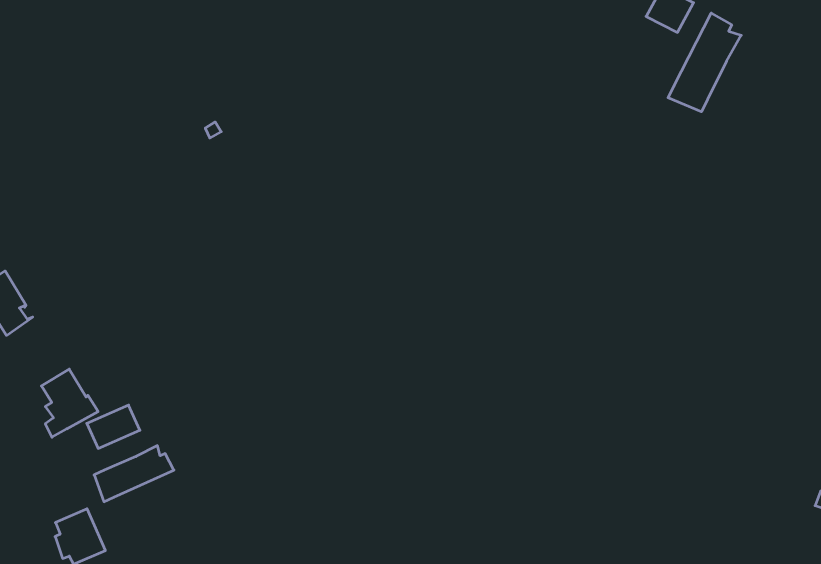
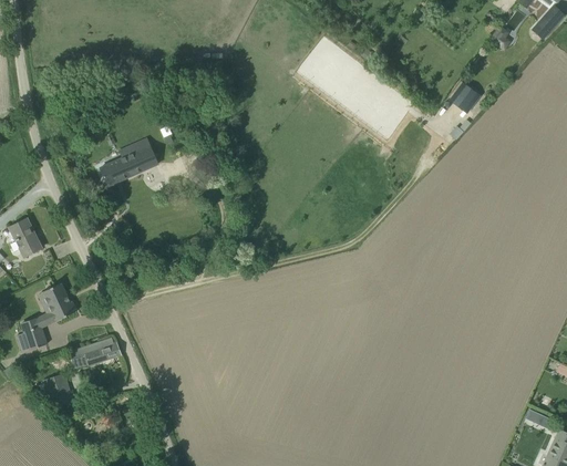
building: [668,13,741,112] -> none
building: none -> [100,134,166,185]
building: [87,405,140,448] -> [18,327,51,352]

